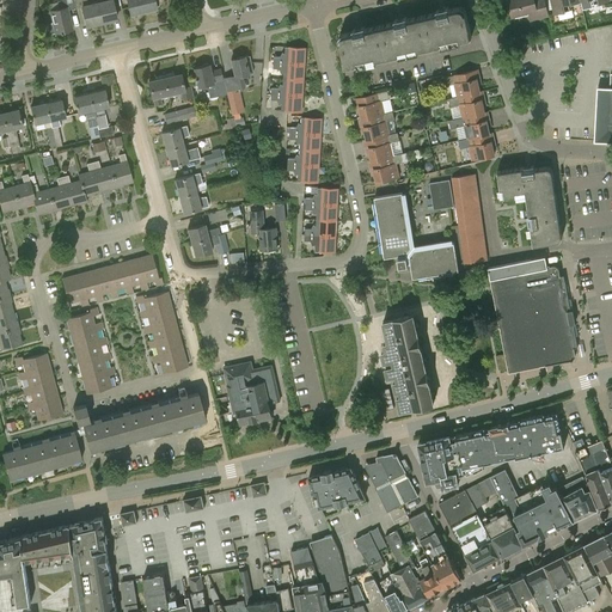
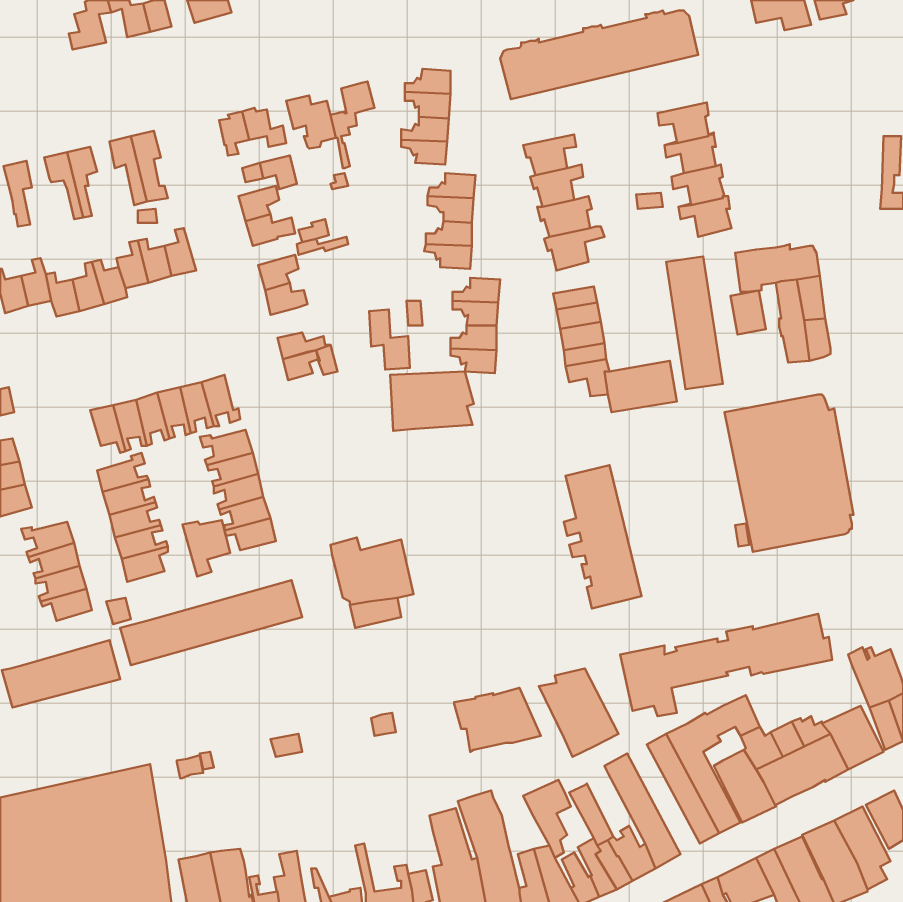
building: [429,180,453,210] -> [730,290,766,335]
building: none -> [390,371,474,431]
building: none -> [183,520,230,577]

